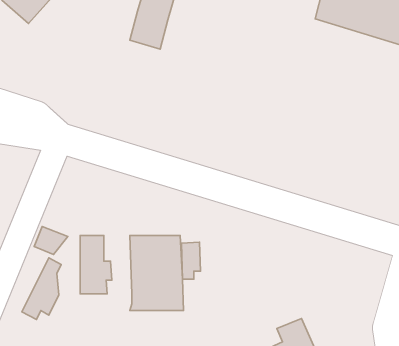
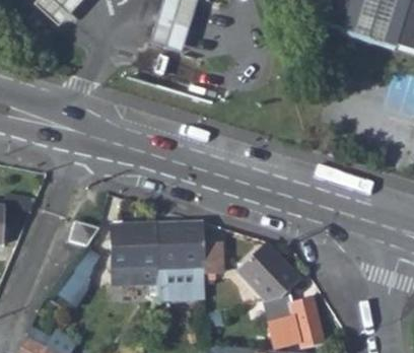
building: none -> [133,223,158,276]
building: none -> [236,244,299,301]

